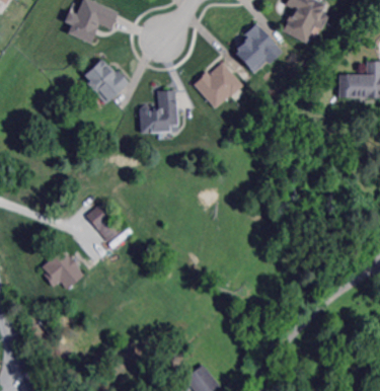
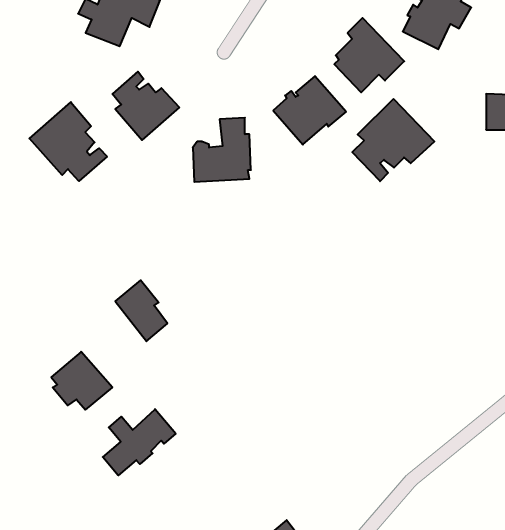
building: none -> [352,99,434,181]
building: none -> [29,102,107,181]
building: none -> [103,409,176,475]

